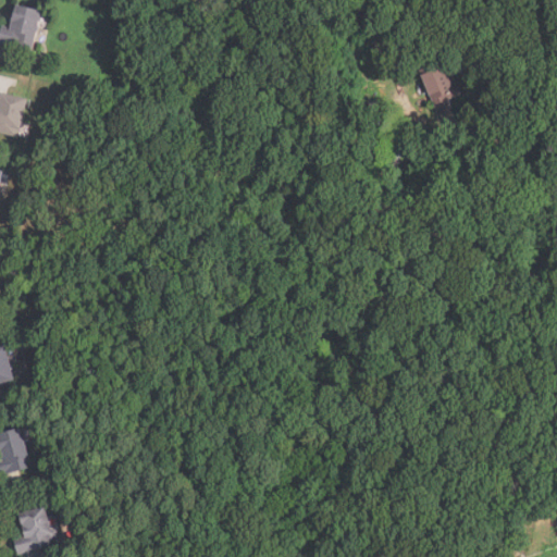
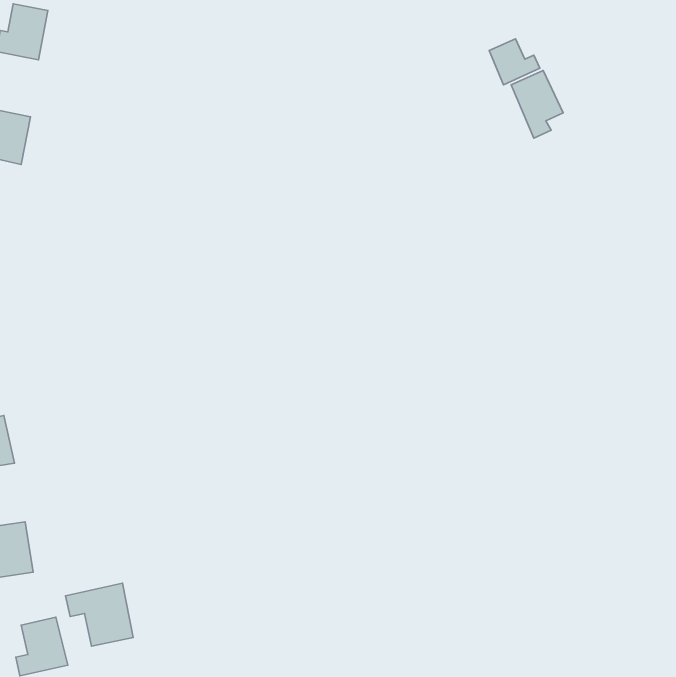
building: none -> [489,39,540,85]
building: none -> [65,583,133,646]

